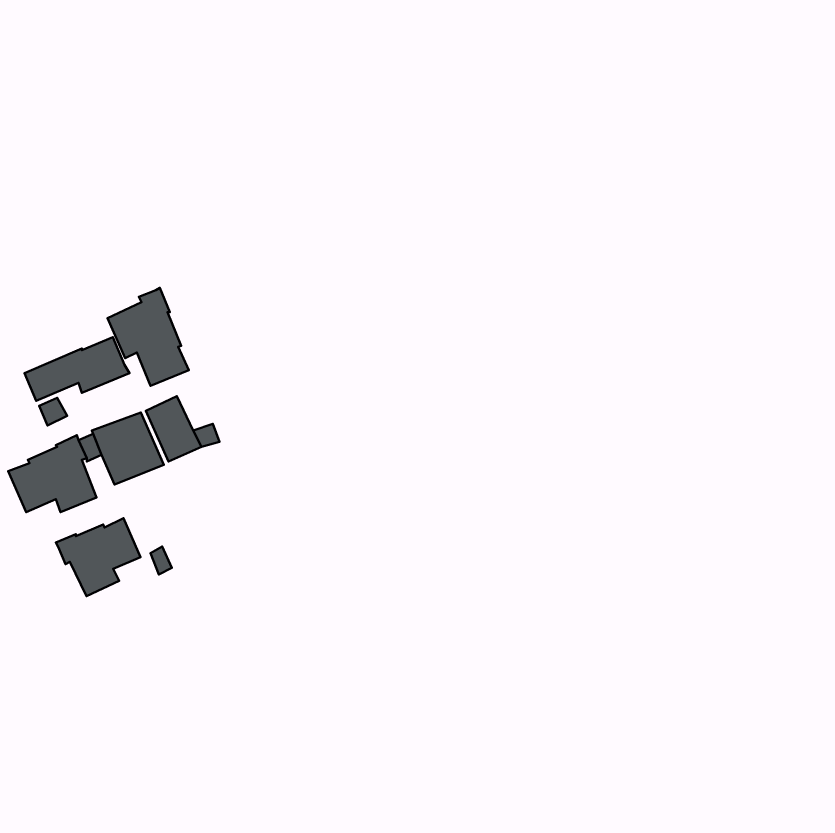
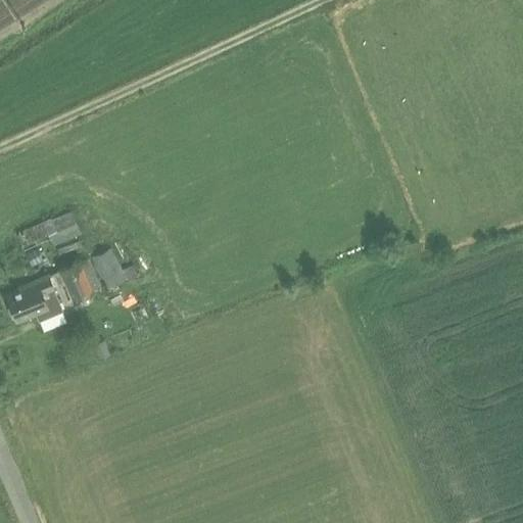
building: [108,288,189,386] -> none
building: [56,518,140,596] -> none

